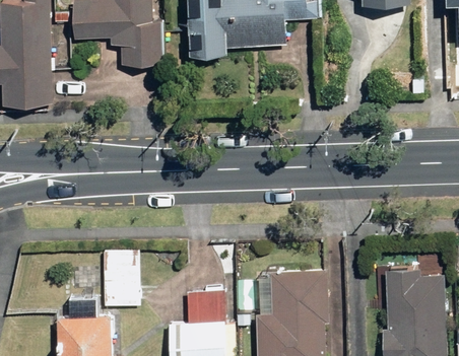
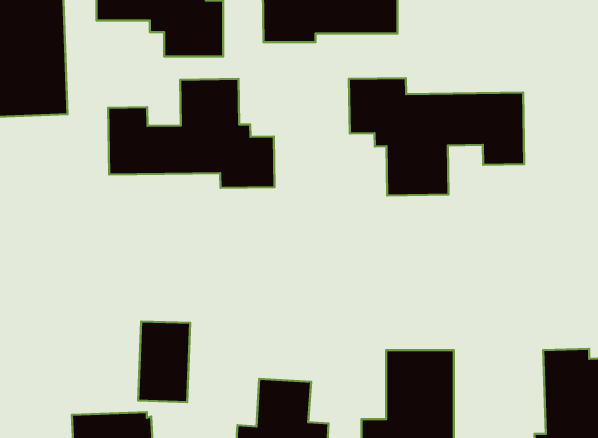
building: none -> [349,78,524,195]
building: none -> [108,79,275,188]

